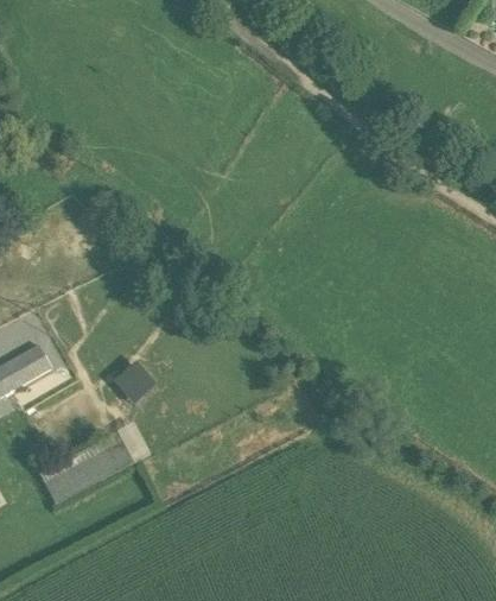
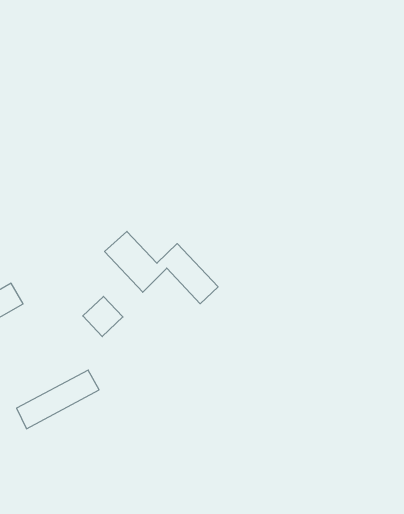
building: none -> [105,231,218,304]

